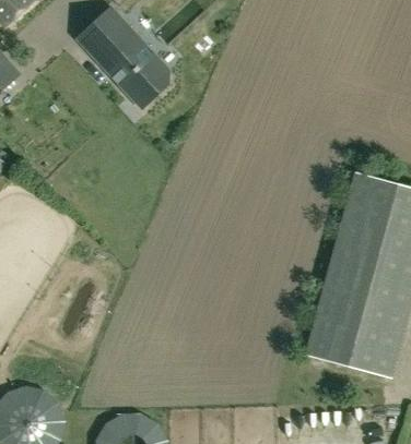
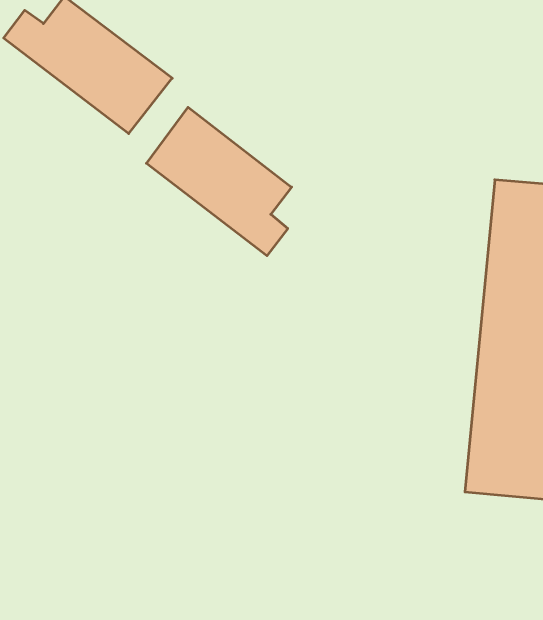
building: none -> [146,107,292,256]

